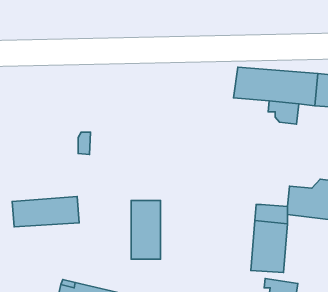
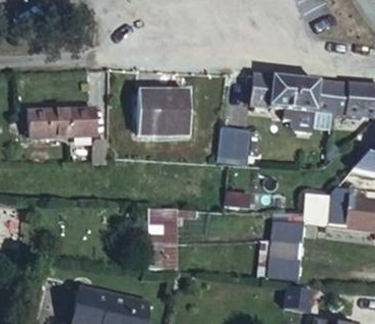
building: none -> [139,91,188,131]
building: none -> [218,127,248,163]
building: [12,196,79,227] -> [29,106,97,137]

